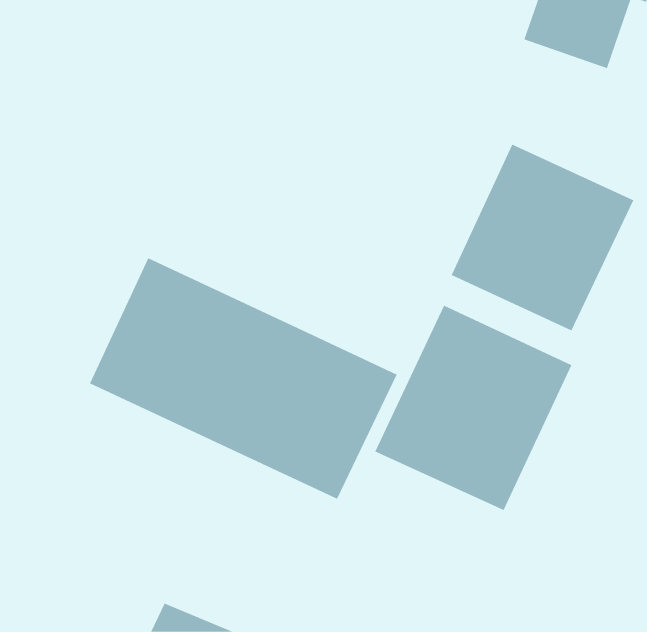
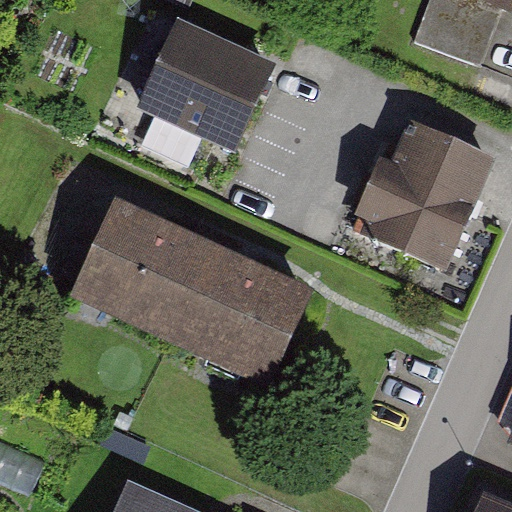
building: none -> [134,15,276,150]
building: [374,305,572,511] -> none

